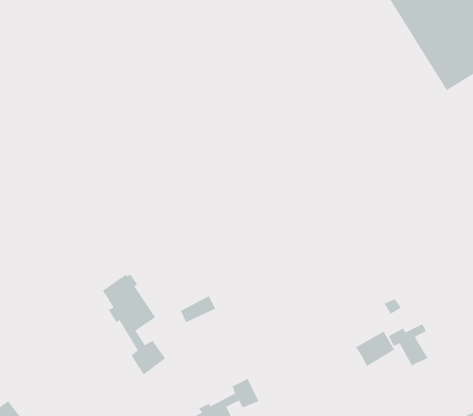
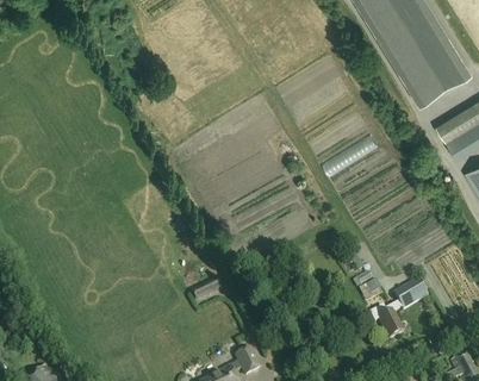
building: [102,273,166,375] -> none
building: [355,330,395,367] -> [392,275,427,306]

